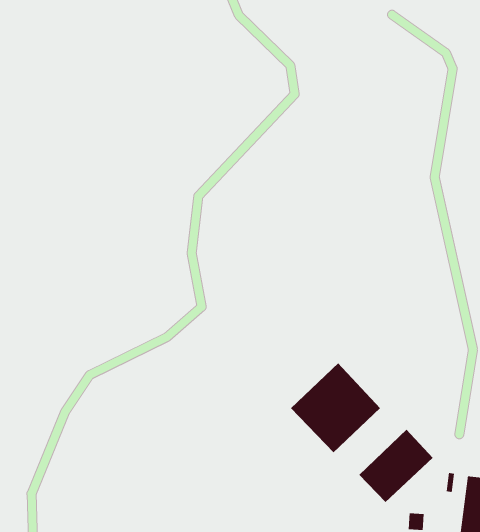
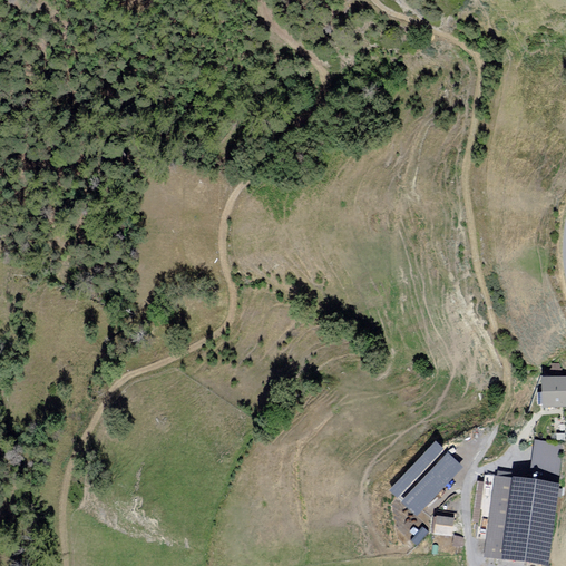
building: [290,362,381,453] -> none

